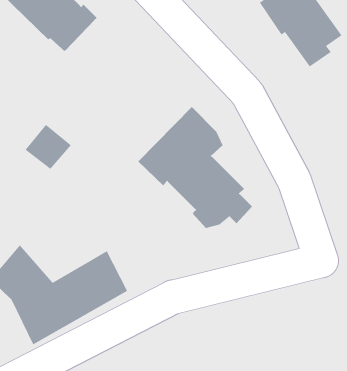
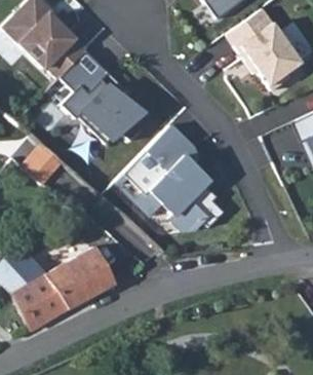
building: none -> [60,49,151,143]

